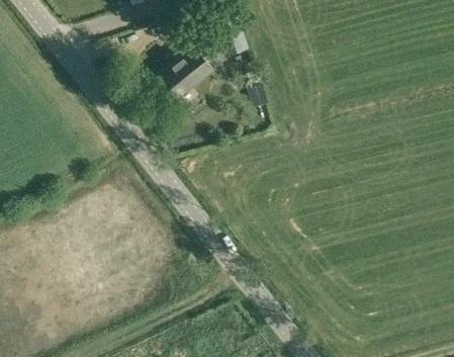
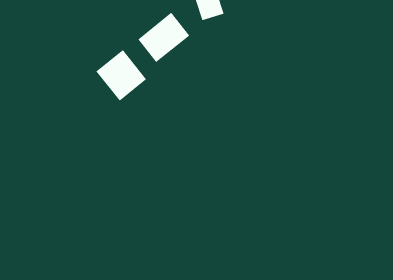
building: none -> [95,49,147,101]

